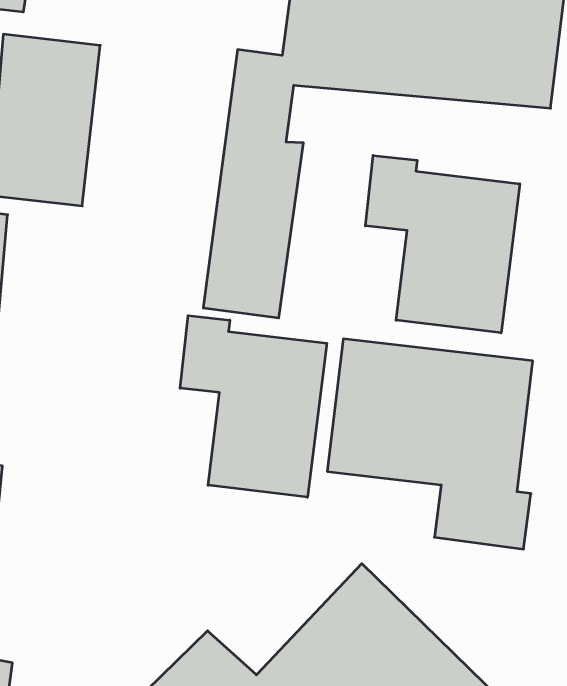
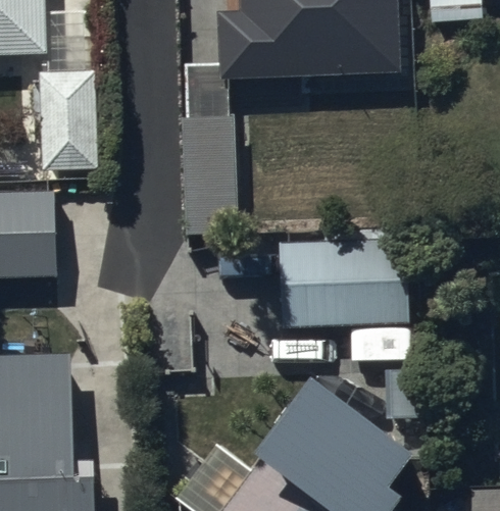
building: [365,155,520,333] -> none
building: [180,316,327,497] -> none

